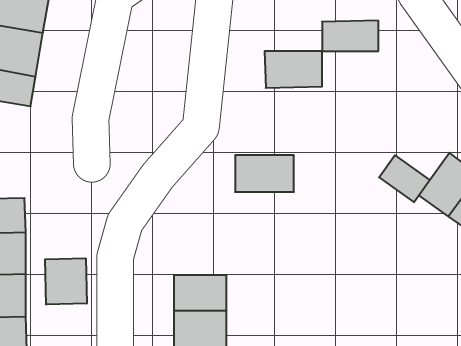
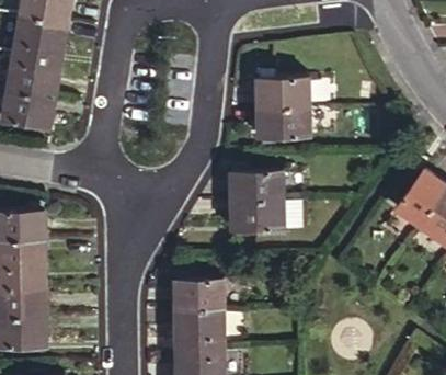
building: [322,21,378,51] -> [258,111,308,138]
building: [379,155,430,202] -> none
building: none -> [230,205,283,234]
building: [45,258,87,305] -> none

